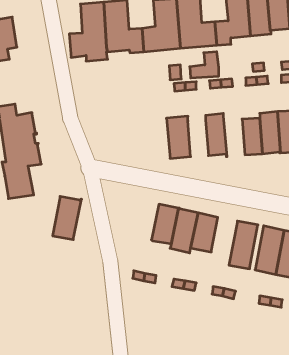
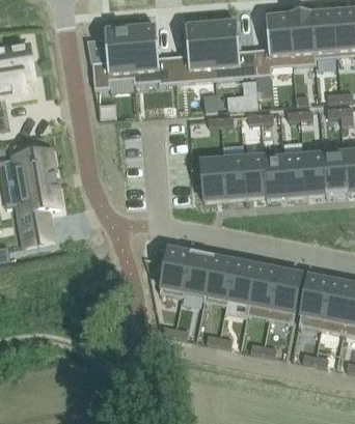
building: none -> [263,151,286,198]
building: none -> [223,158,246,198]
building: [53,196,82,240] -> [159,248,191,295]
building: none -> [247,265,278,318]

